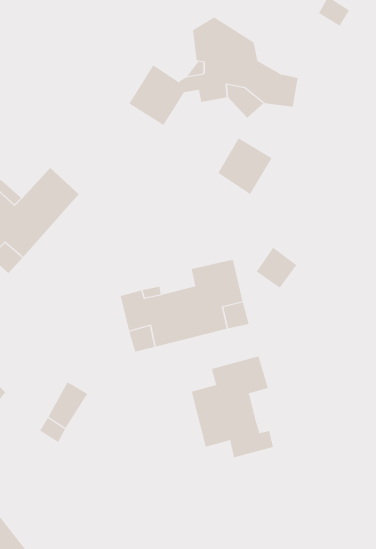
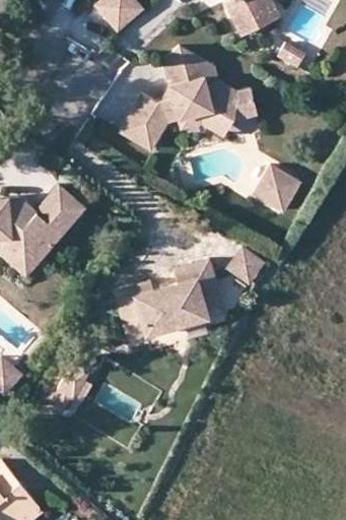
building: [217,137,273,195] -> [256,164,301,211]
building: [191,356,273,458] -> none

